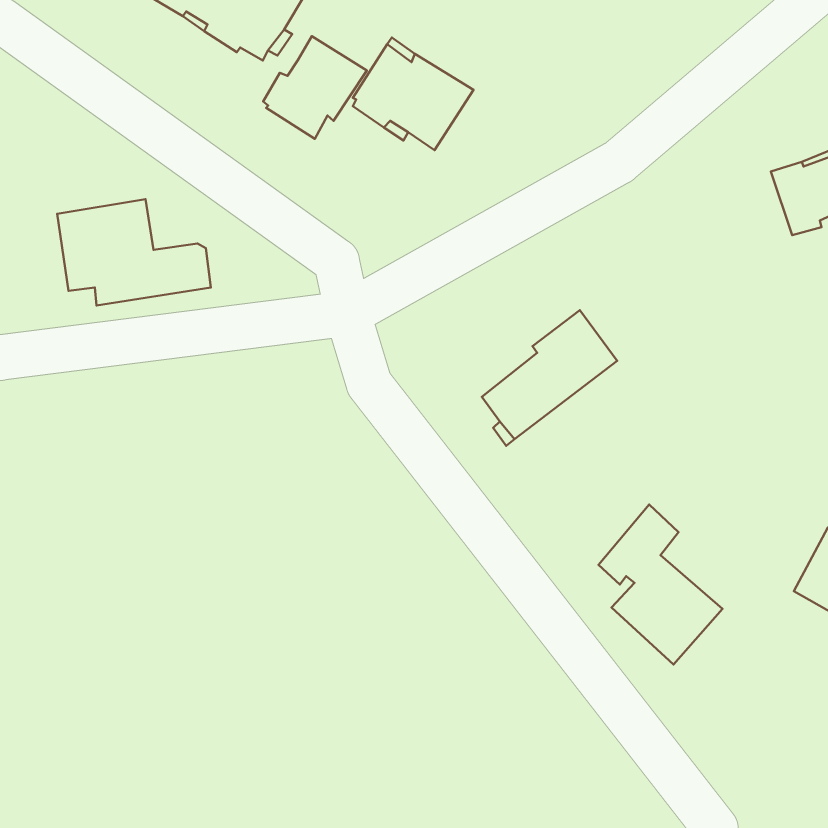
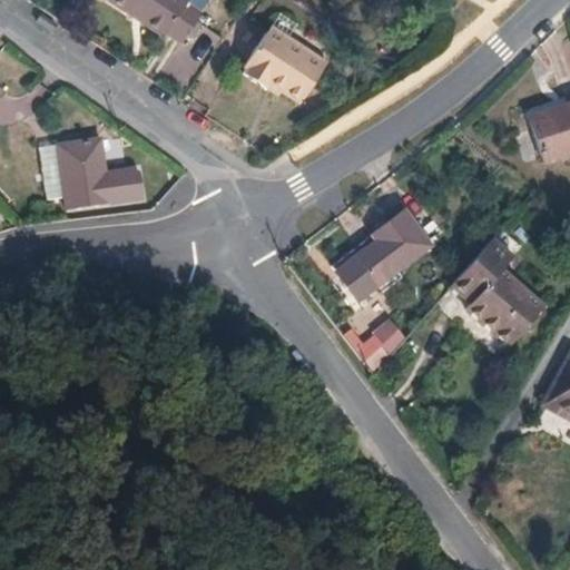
building: [263,36,367,139] -> none
building: none -> [363,312,413,363]
building: [598,504,723,665] -> [459,236,543,345]

